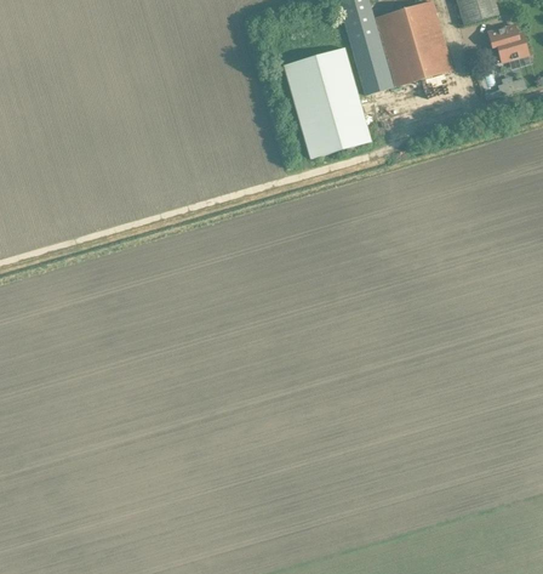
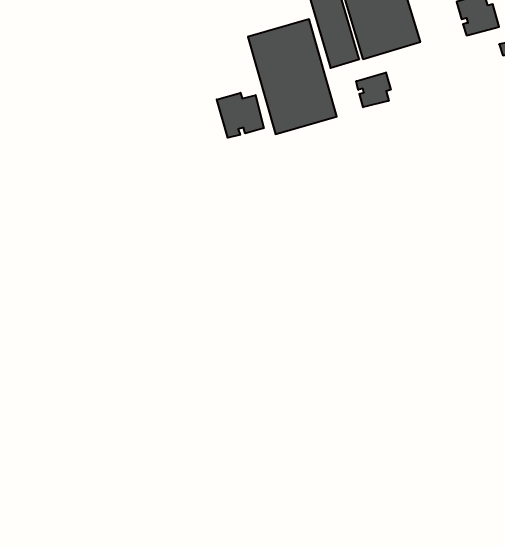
building: none -> [356,72,391,107]
building: none -> [217,93,264,138]

